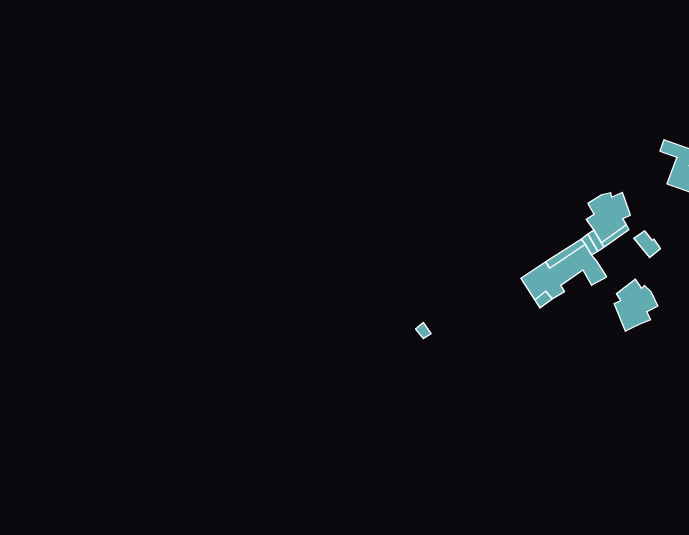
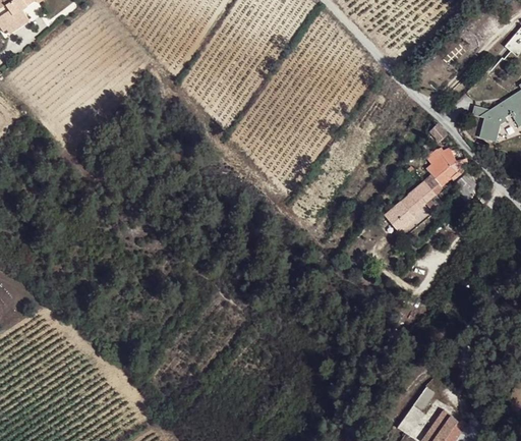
building: [614,279,658,331] -> none

